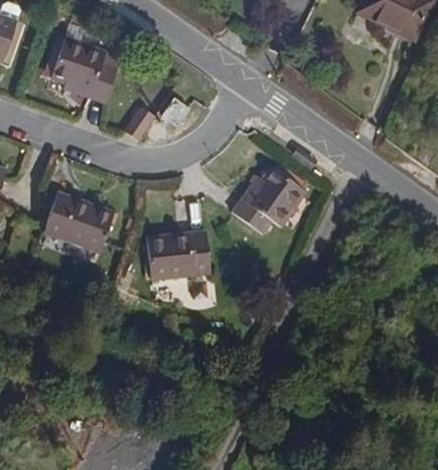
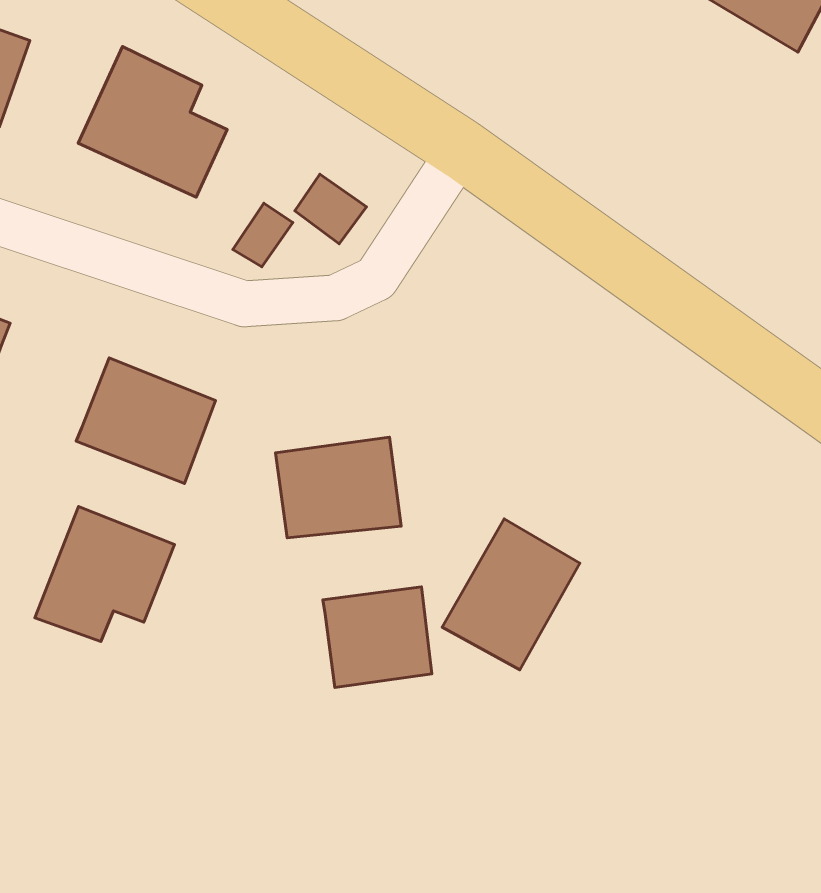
building: [232,163,303,242] -> [442,519,580,670]
building: none -> [35,507,175,641]
building: none -> [323,587,432,687]

